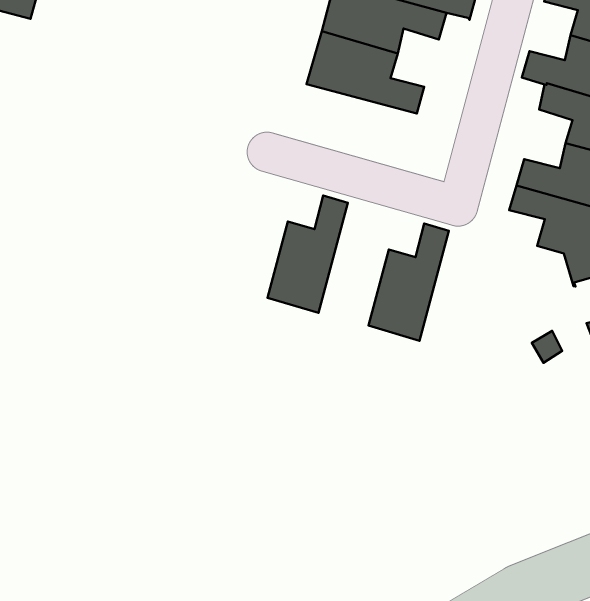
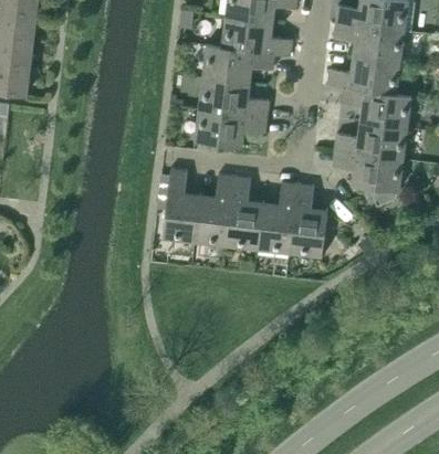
building: none -> [194,108,266,146]
building: none -> [161,168,199,240]
building: none -> [226,176,262,247]
building: none -> [289,183,326,255]

